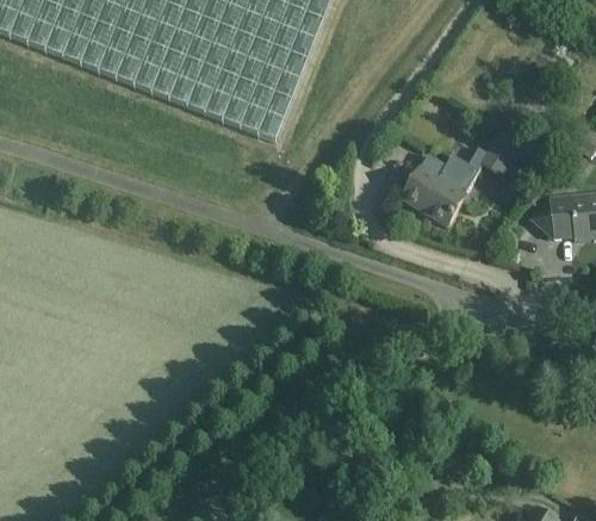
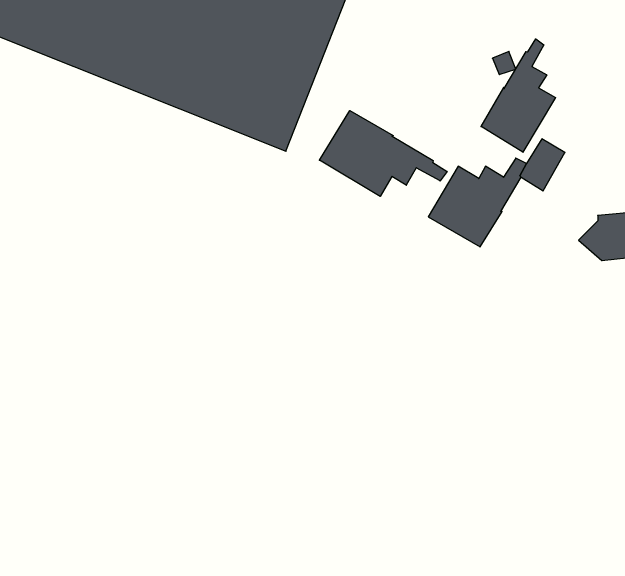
building: none -> [481,39,556,152]
building: none -> [319,111,447,196]

